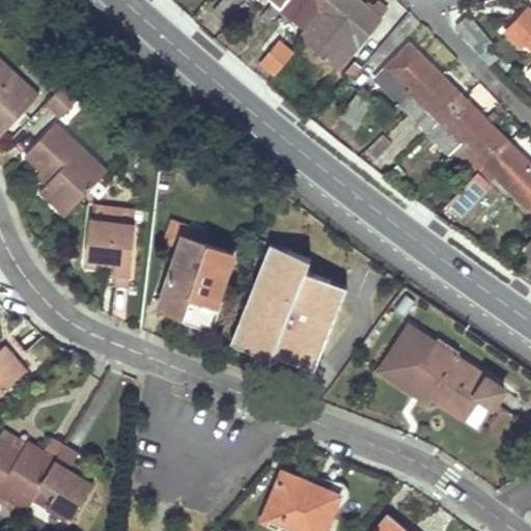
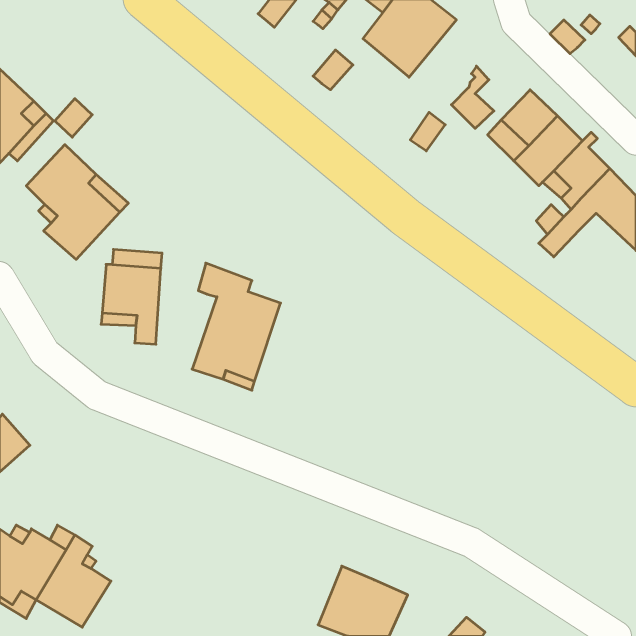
building: [395,43,441,100] -> none
building: [227,243,344,381] -> none
building: [381,325,504,416] -> none

